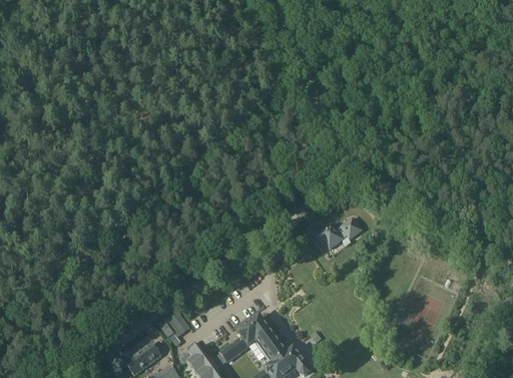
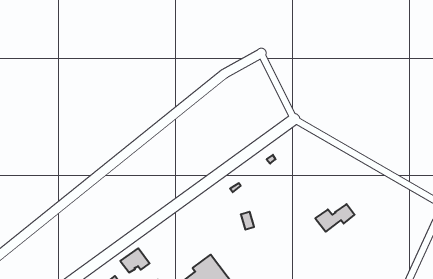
building: [318,218,362,249] -> [315,204,355,232]

